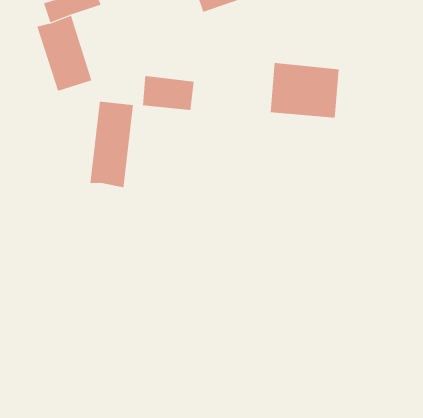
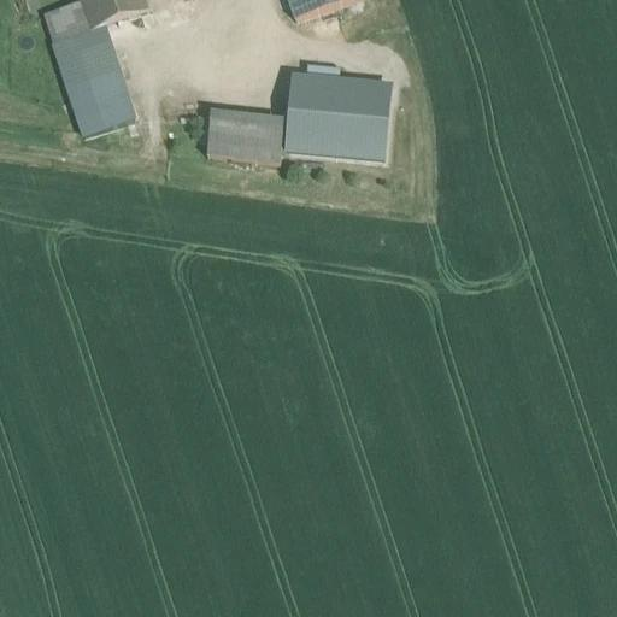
building: [270,63,340,118] -> [287,75,388,155]
building: [90,101,134,188] -> none

